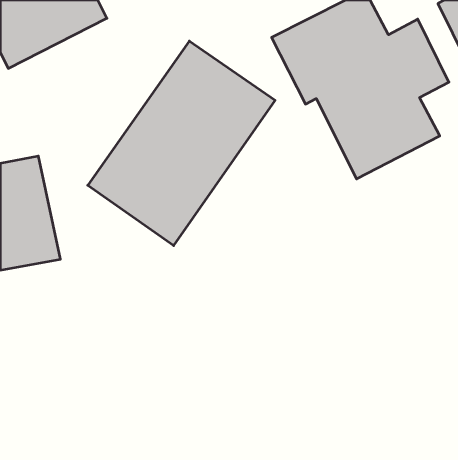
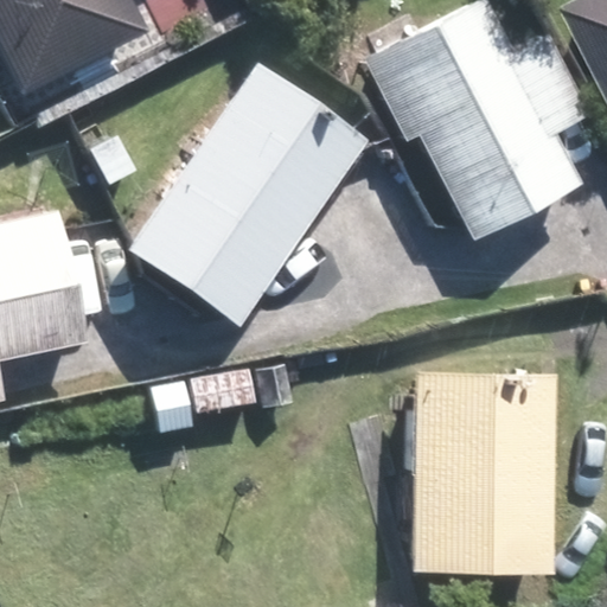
building: none -> [413,373,555,574]

